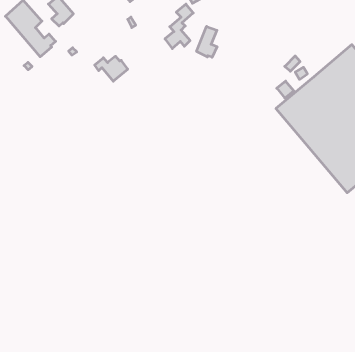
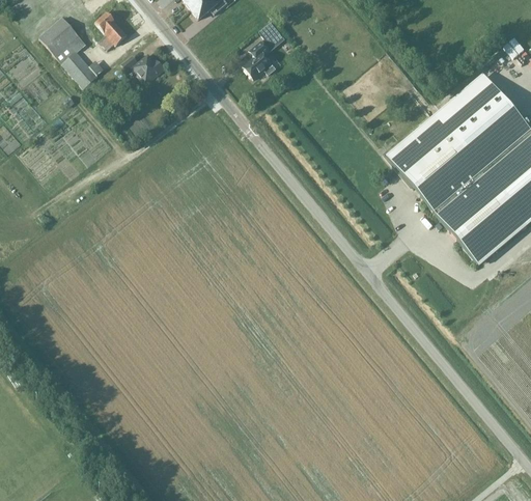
building: [197,26,217,57] -> none
building: [95,56,128,81] -> [122,52,165,84]

